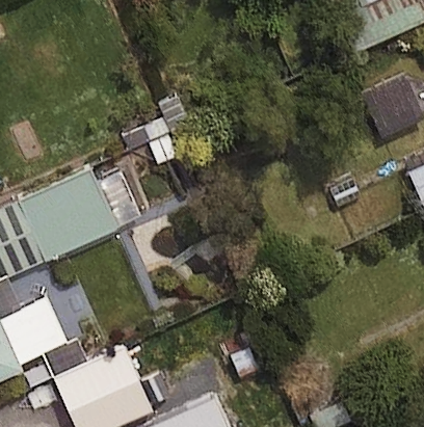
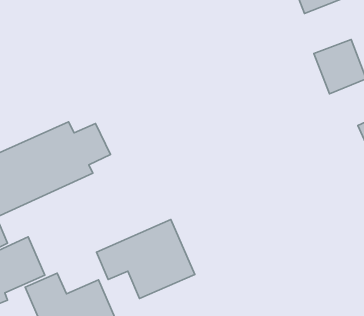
building: none -> [97,219,195,298]

